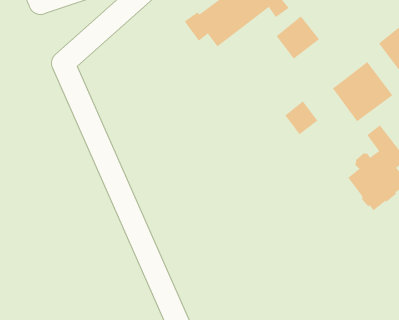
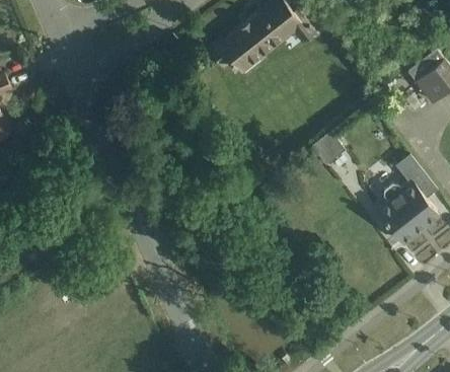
building: [276,15,320,59] -> none
building: [332,61,393,122] -> none

